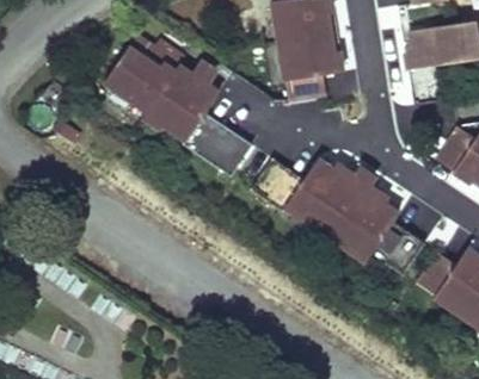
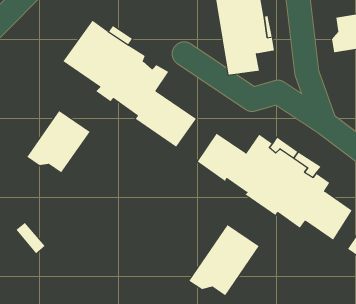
building: none -> [26,110,90,173]
building: none -> [189,224,260,296]

